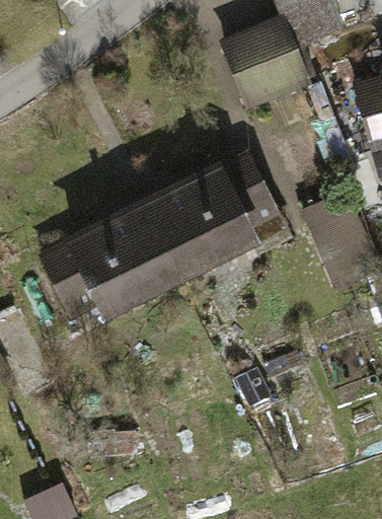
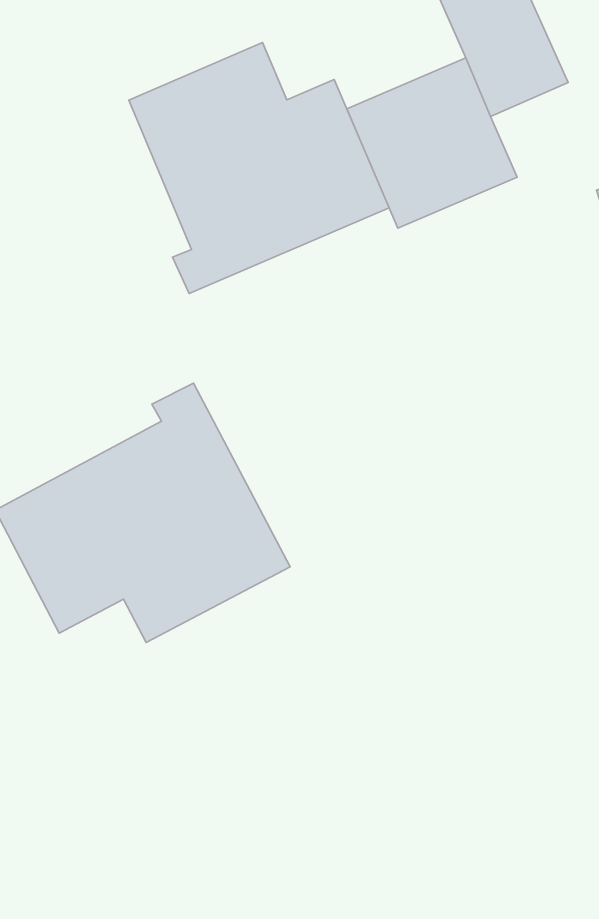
building: none -> [129,42,389,293]
building: [136,159,281,304] -> none

